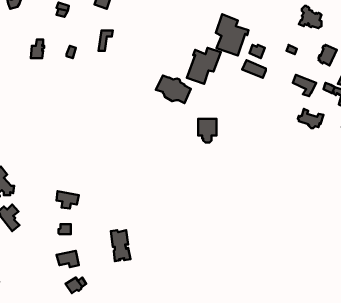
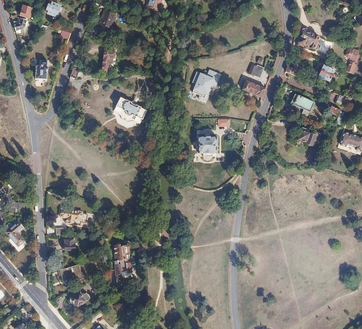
building: [216,14,249,56] -> none
building: [156,75,191,103] -> [112,98,146,125]

